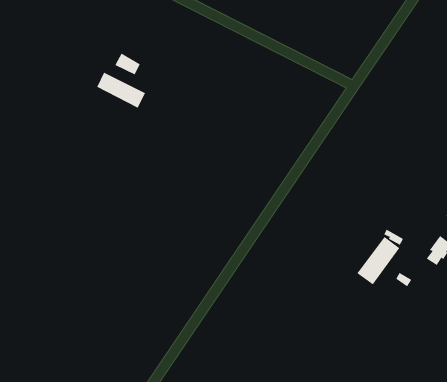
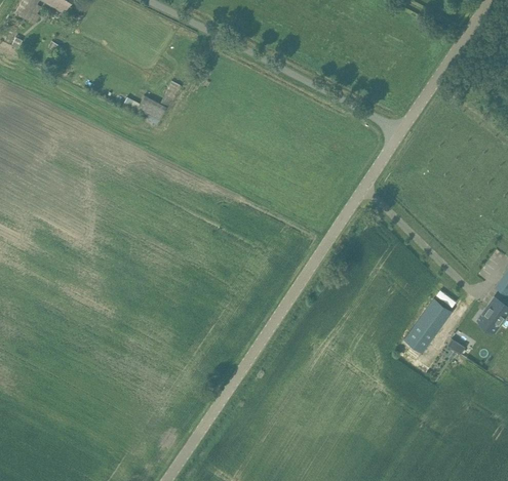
building: [96,72,146,109] -> none

